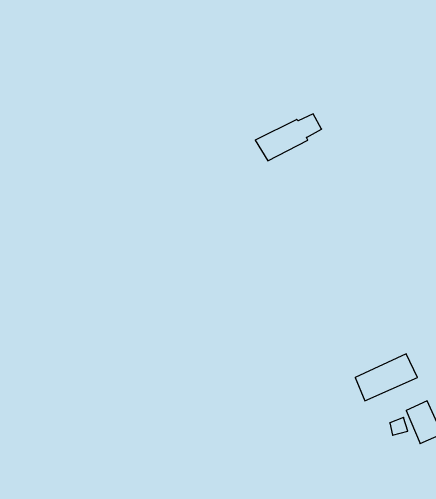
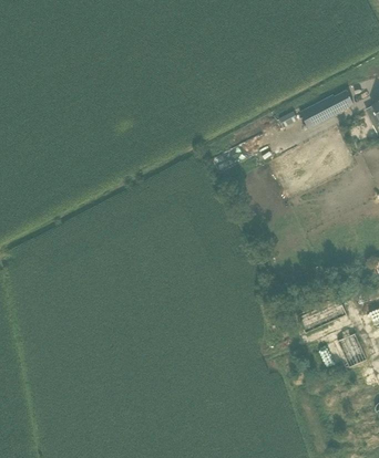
building: [255,114,322,161] -> [300,90,354,127]

